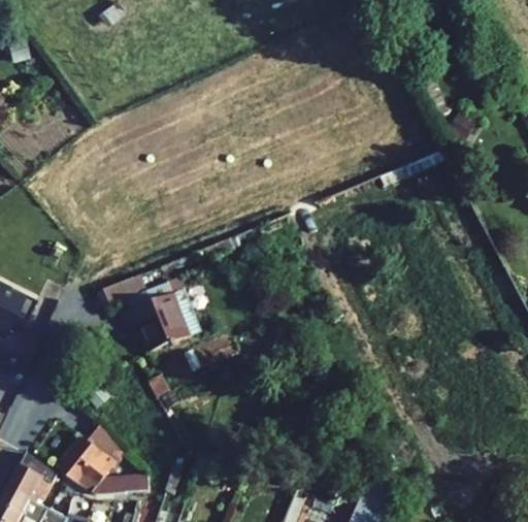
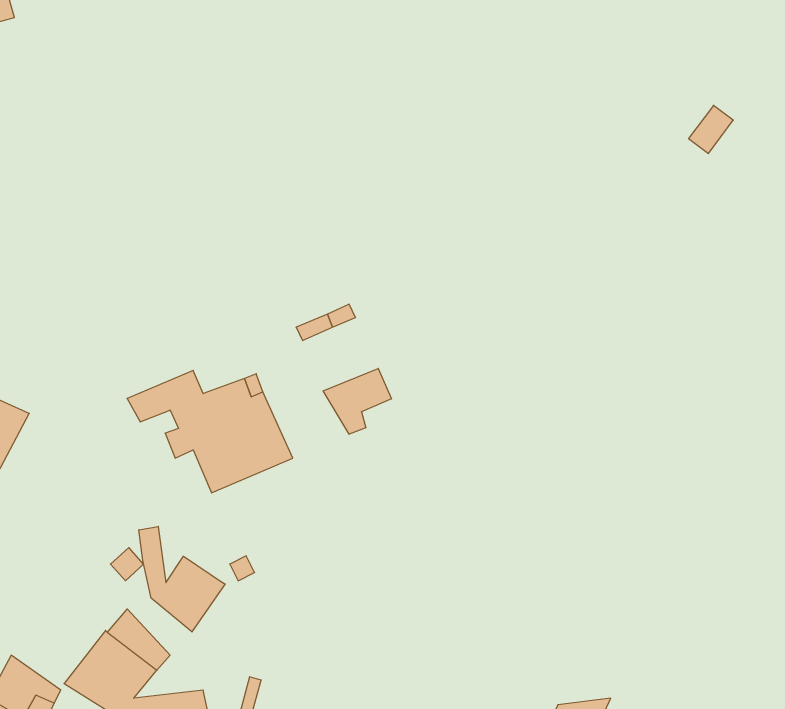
building: none -> [323,368,391,434]
building: none -> [139,526,225,632]

